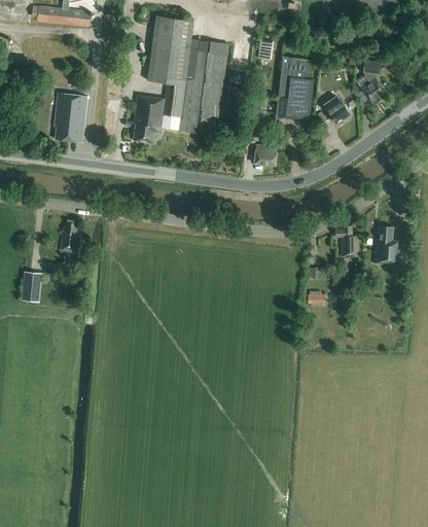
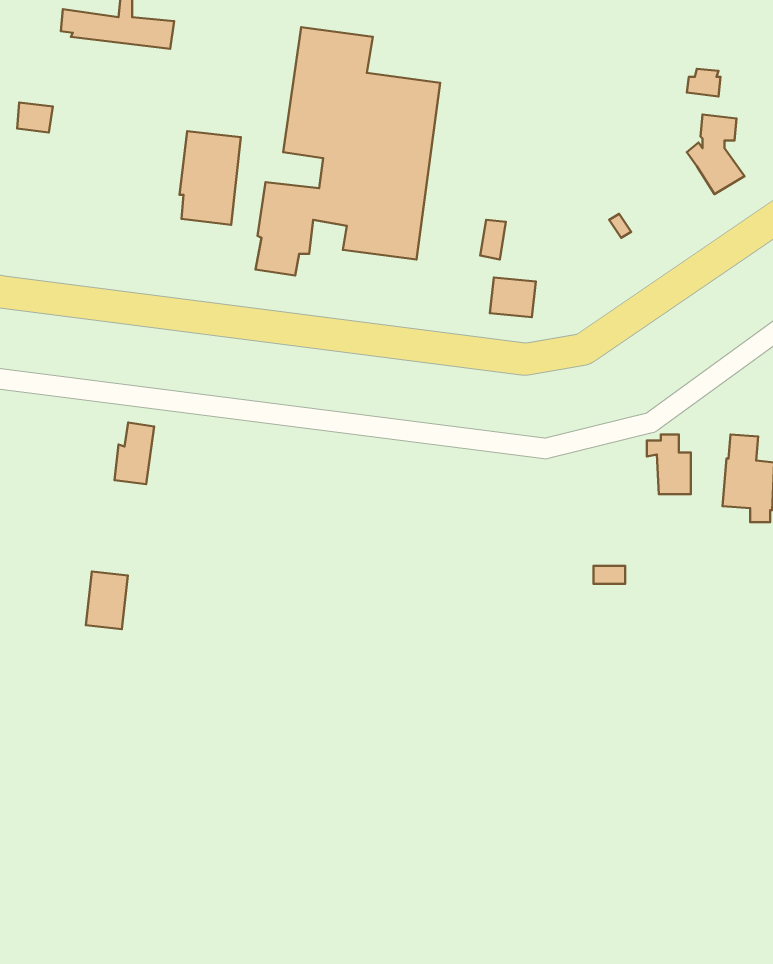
building: [276,56,312,119] -> none
building: [55,93,86,141] -> [179,131,241,225]
building: [323,95,350,124] -> none
building: [21,272,42,302] -> [86,571,128,629]

